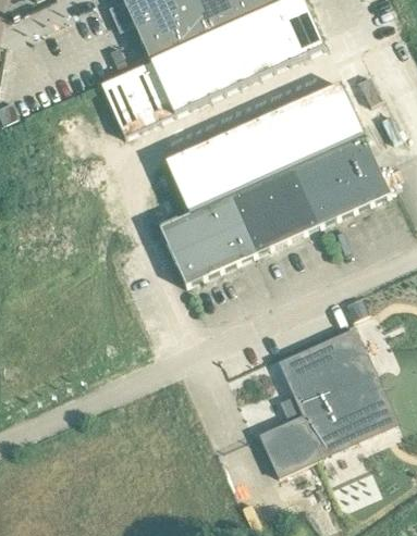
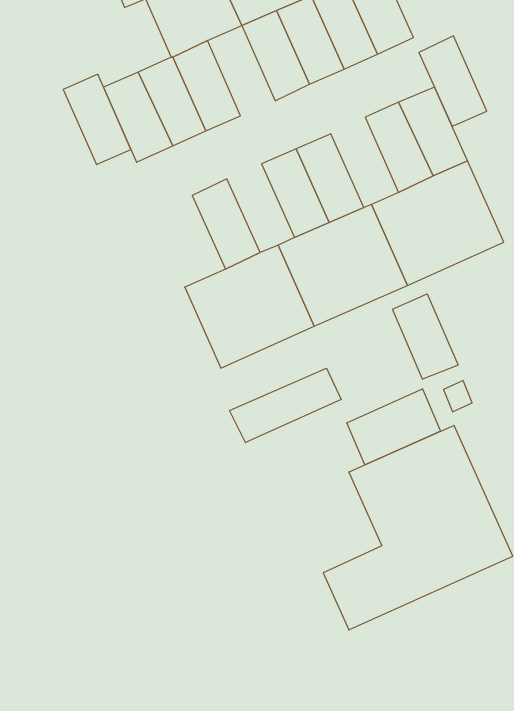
building: [175,37,224,102] -> [63,74,131,165]
building: [265,103,314,169] -> [419,36,487,126]
building: [189,137,238,201] -> none
building: none -> [393,294,458,379]
building: none -> [230,368,341,443]
building: none -> [347,389,440,465]

